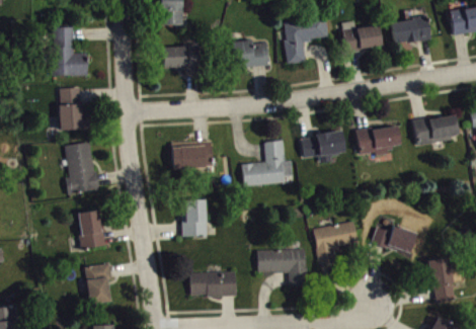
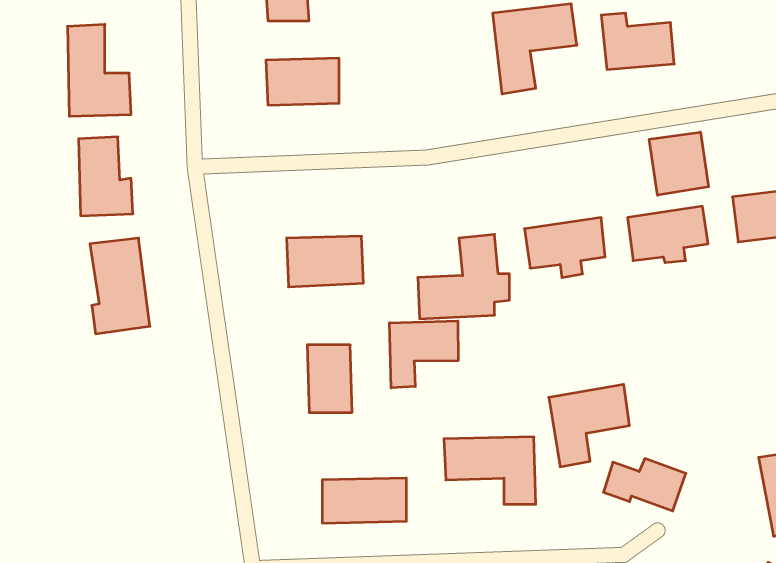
building: [392,17,429,43] -> none
building: [235,40,269,67] -> none
building: none -> [649,132,709,195]
building: none -> [390,321,458,388]
building: [79,210,105,249] -> none
building: [372,225,416,253] -> [603,459,686,511]
building: [85,262,113,304] -> none

